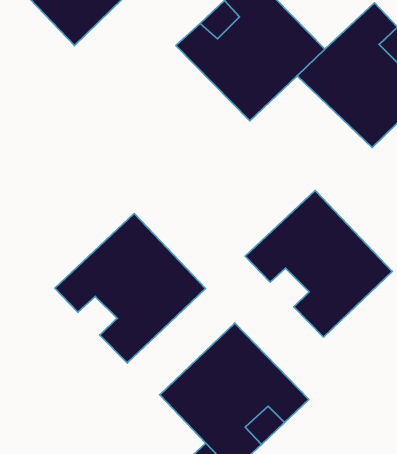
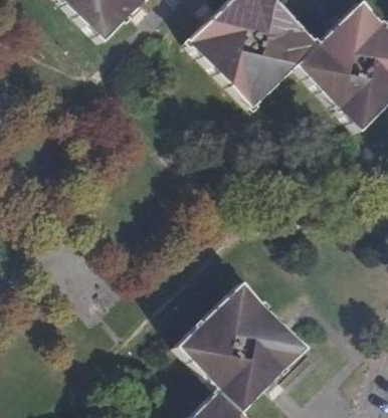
building: [245,191,392,337] -> none
building: [55,214,205,363] -> none

